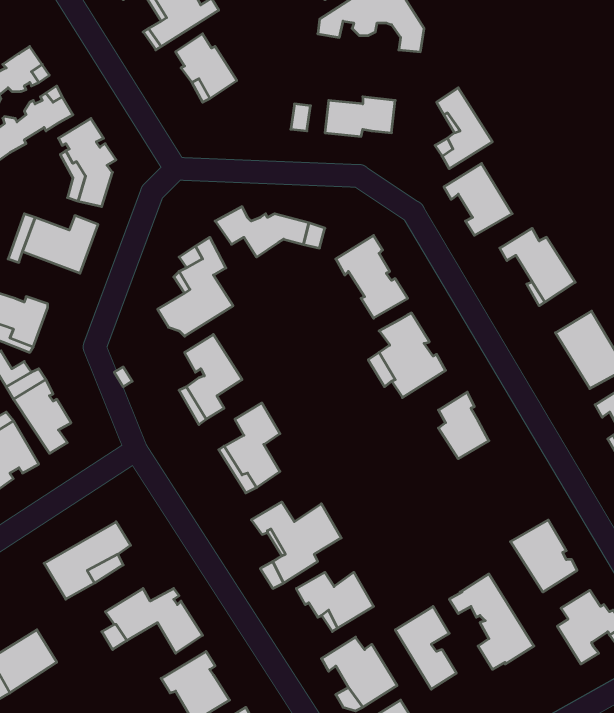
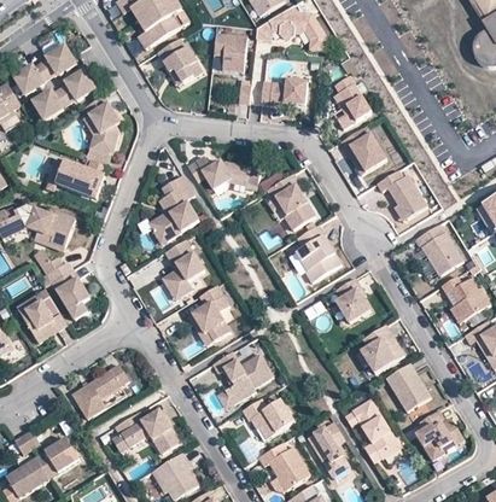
building: none -> [214,34,247,71]
building: none -> [357,325,404,373]

